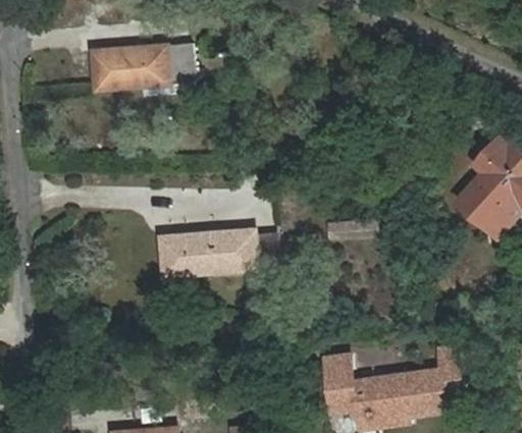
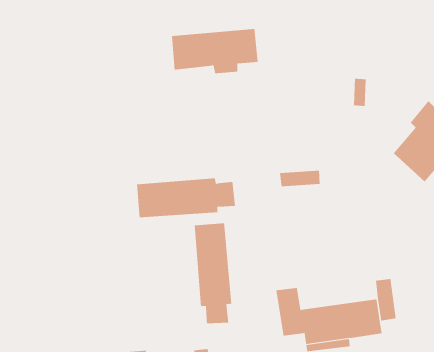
building: [91,43,192,95] -> [171,29,259,74]
building: none -> [194,223,232,324]

